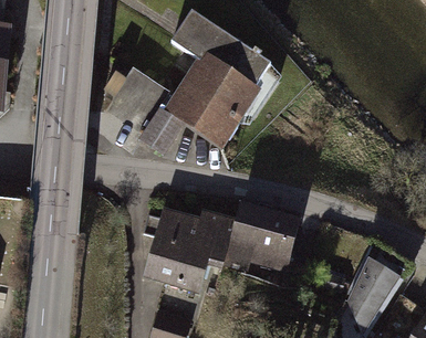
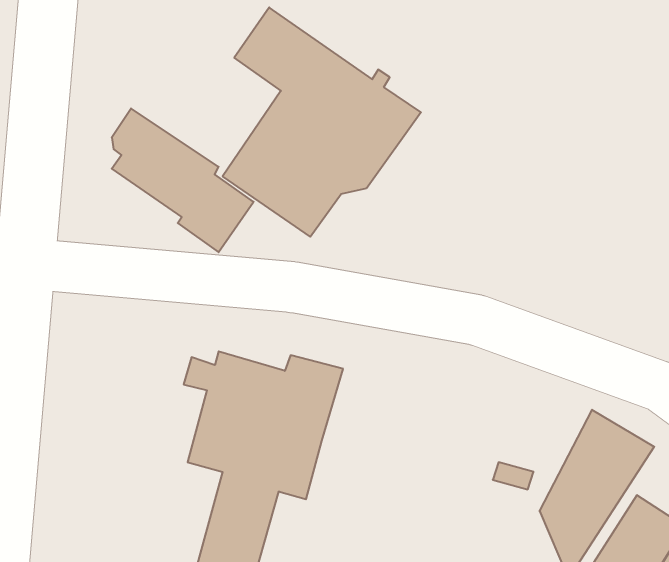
building: [224,204,297,268] -> none

